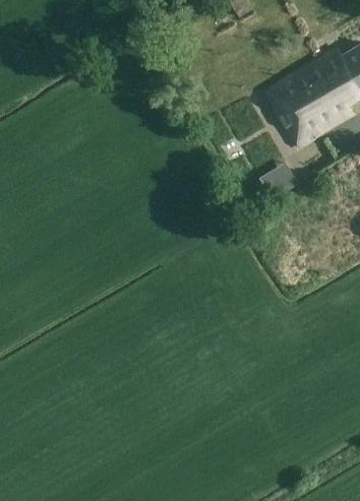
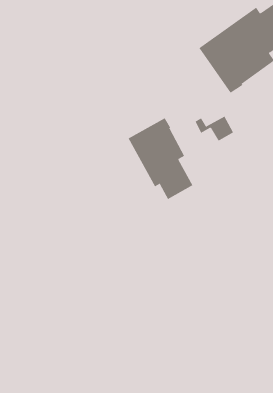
building: none -> [128,117,193,200]

